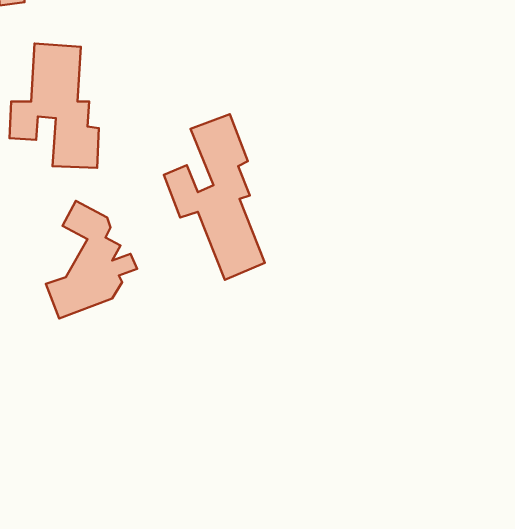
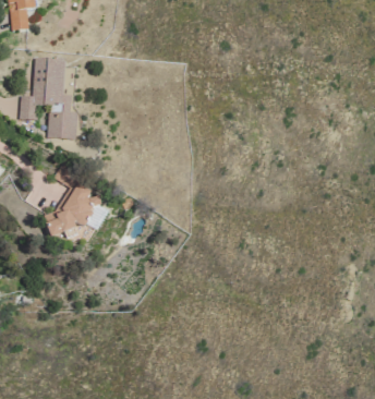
building: [164,114,265,280] -> none

